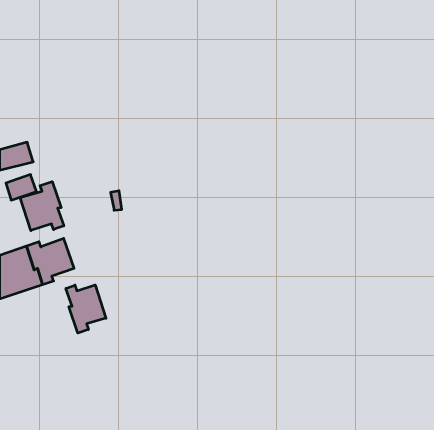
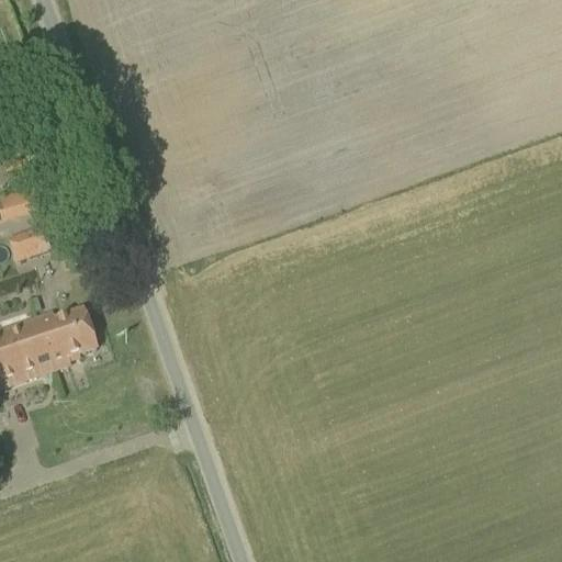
building: [20,182,64,231] -> none
building: [66,285,106,333] -> none

